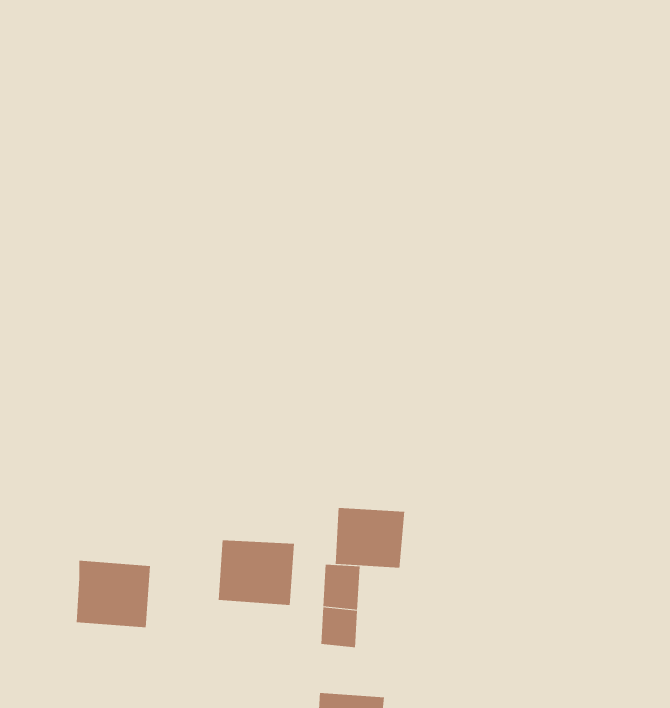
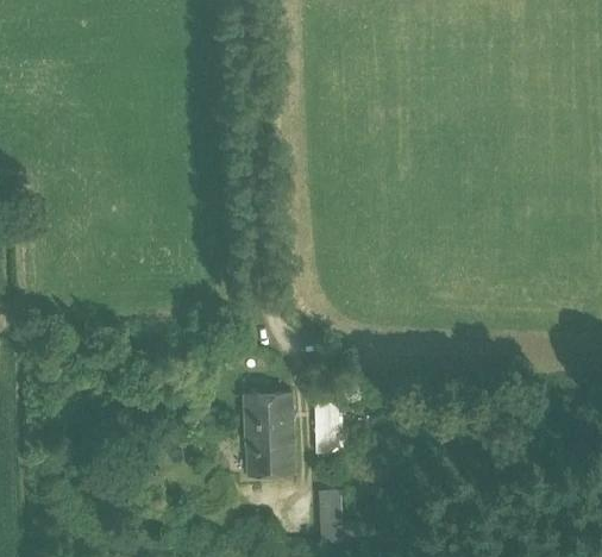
building: [335,507,405,568] -> none
building: [76,560,151,628] -> [244,433,294,476]

